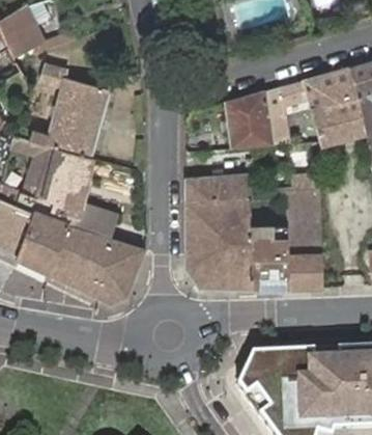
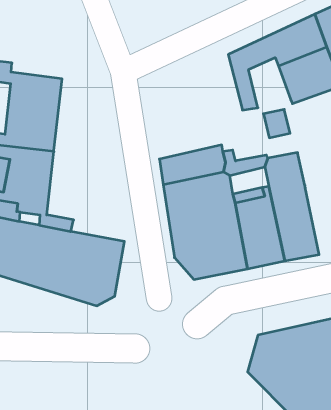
building: [227,91,271,148] -> none

